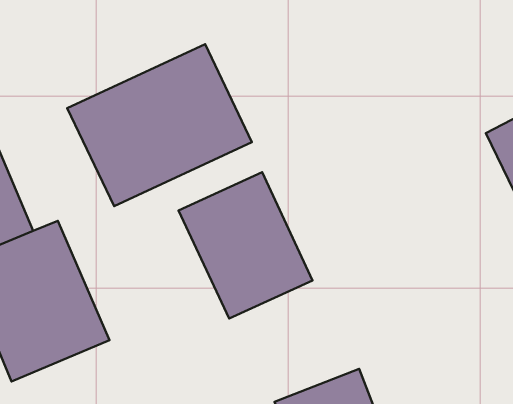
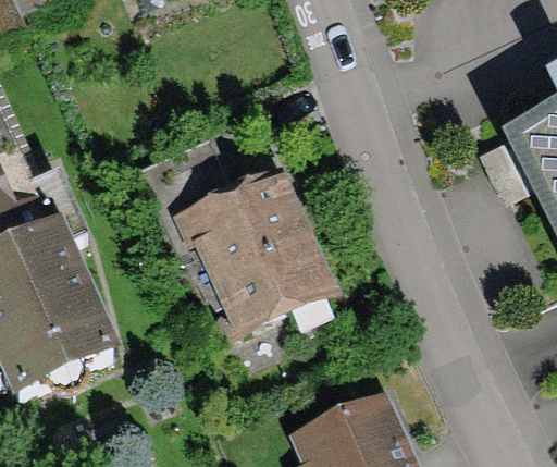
building: [67,44,252,206] -> none

